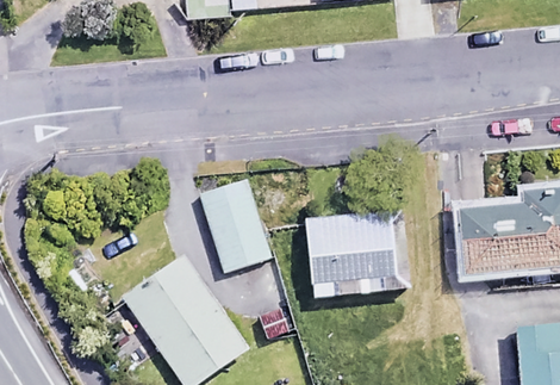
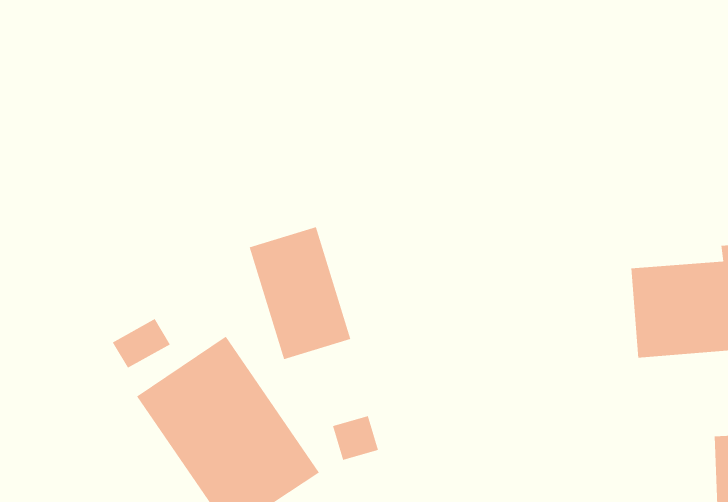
building: [306,213,407,297] -> none

